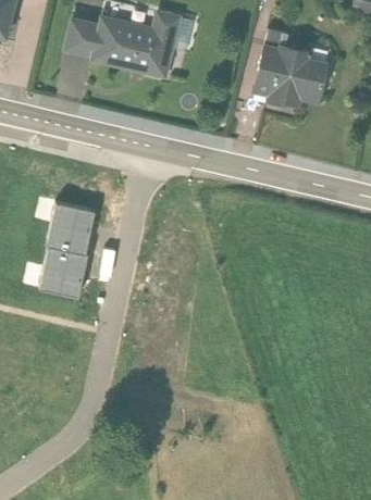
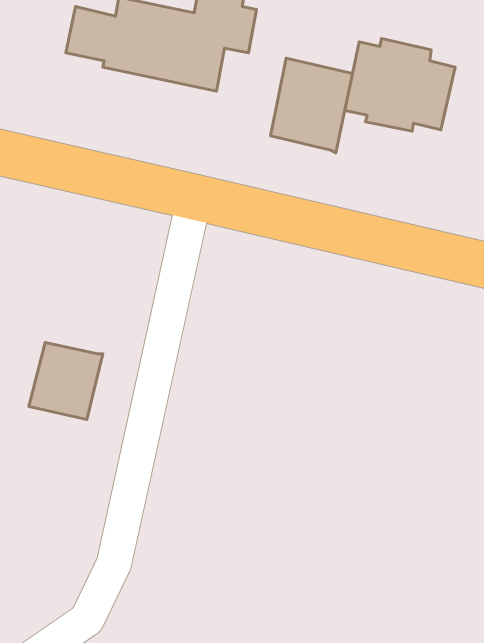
building: none -> [271,58,352,153]
building: [46,202,95,254] -> none

